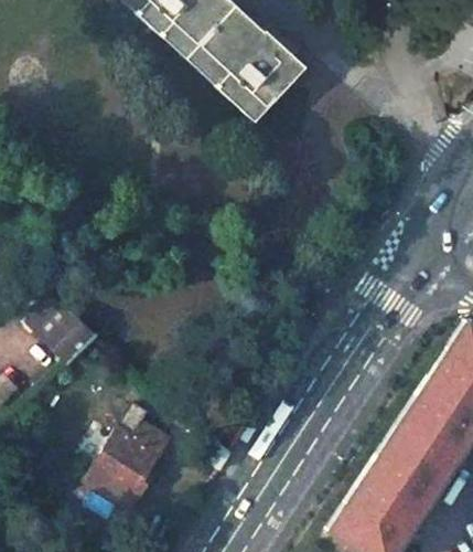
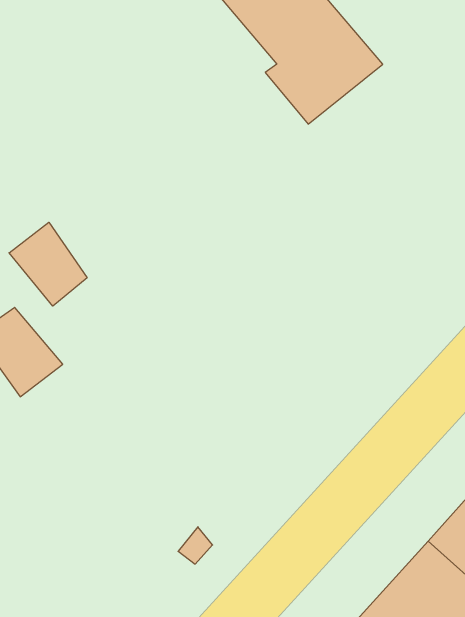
building: none -> [9,222,87,306]
building: [86,402,170,509] -> none

